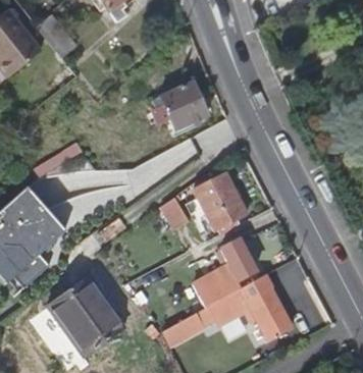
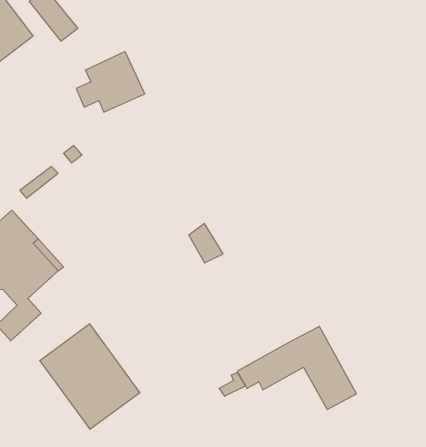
building: [155,82,208,128] -> [76,52,145,112]
building: [195,172,248,231] -> none
building: [194,239,256,307] -> none

